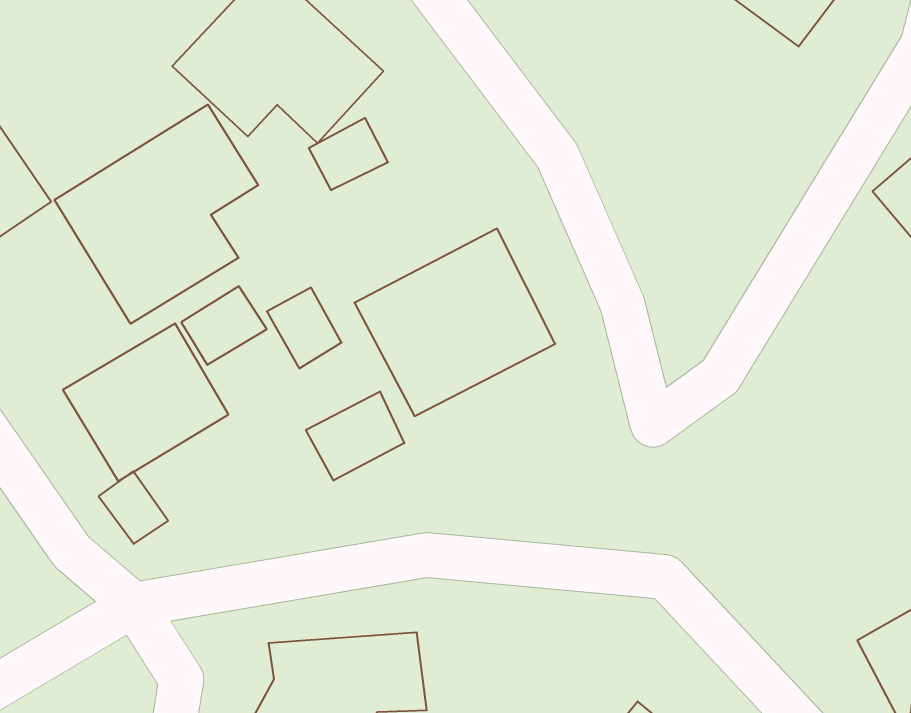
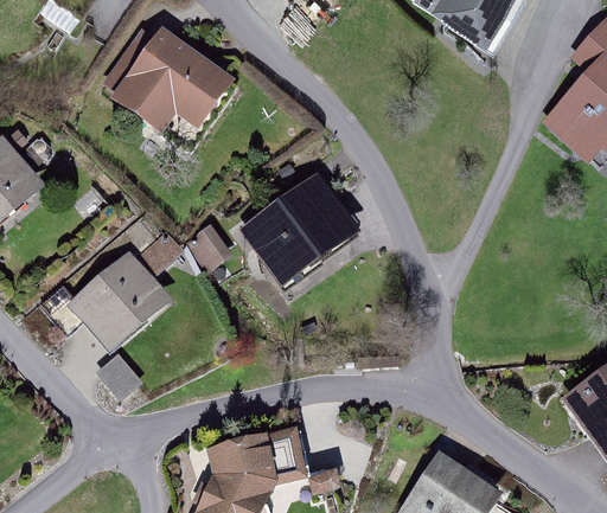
building: [55,105,258,324] -> none
building: [309,118,388,190] -> none
building: [306,391,404,481] -> none

